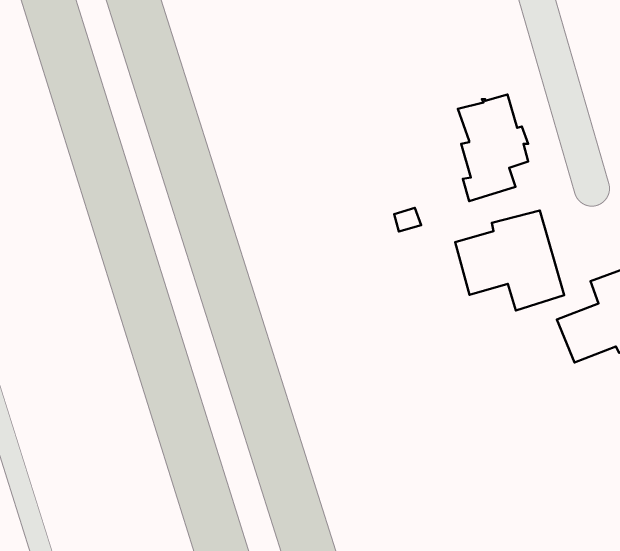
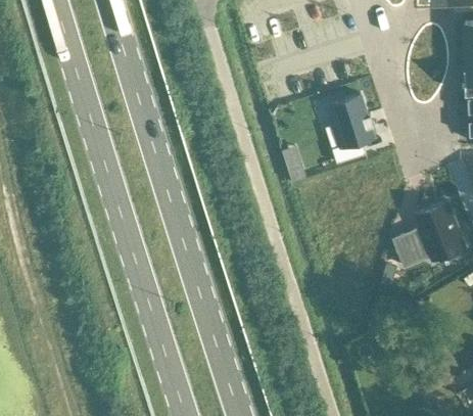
building: [455,210,564,310] -> none

